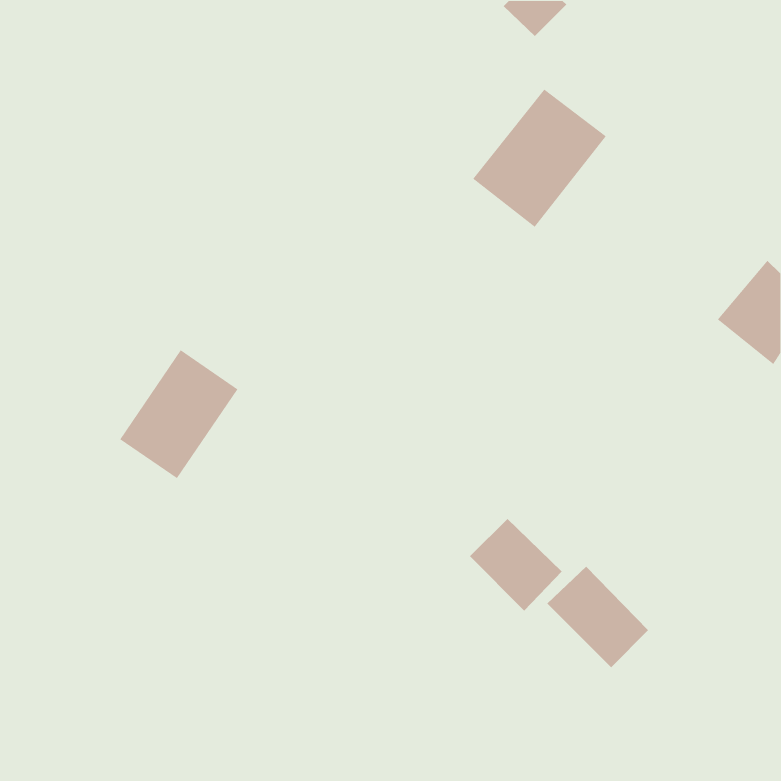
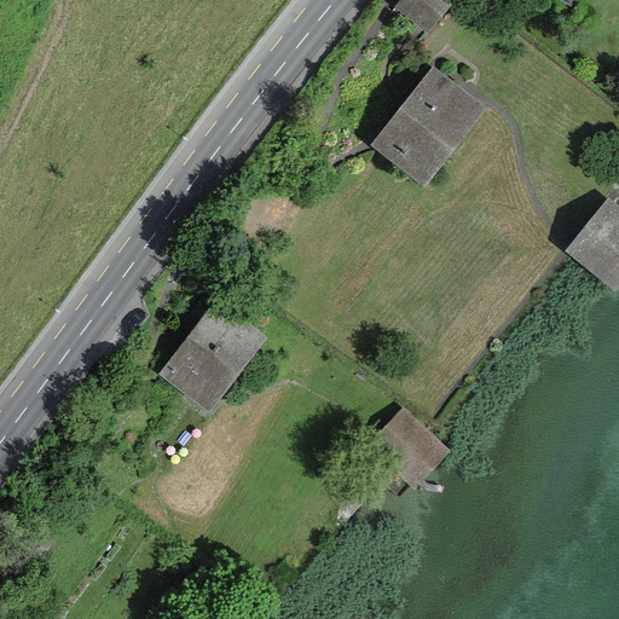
building: [119,349,238,479] -> [163,303,258,406]
building: [547,566,649,668] -> none

